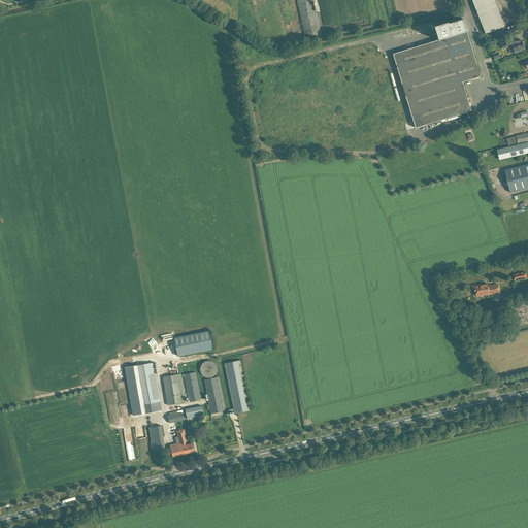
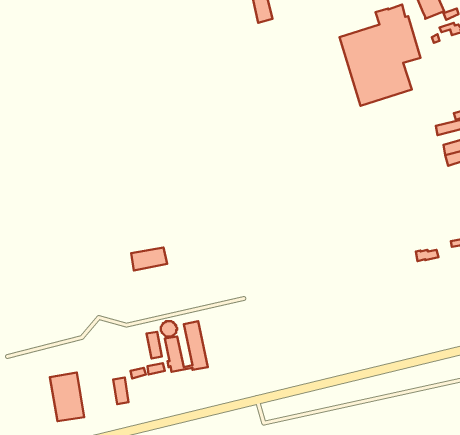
building: [173,331,212,356] -> [131,247,167,270]
building: [124,362,161,415] -> [50,372,84,421]
building: [163,373,185,405] -> none
building: [169,427,194,457] -> none

